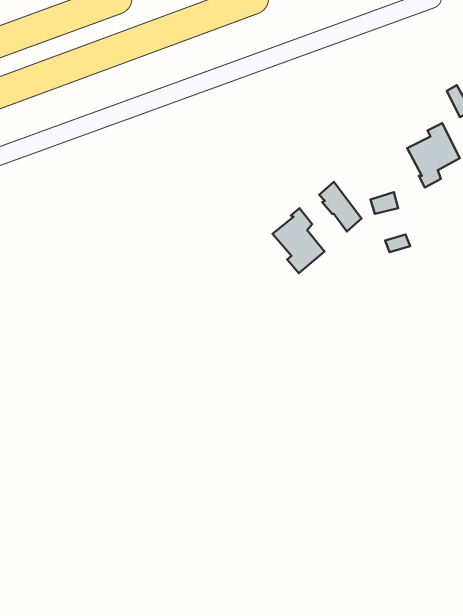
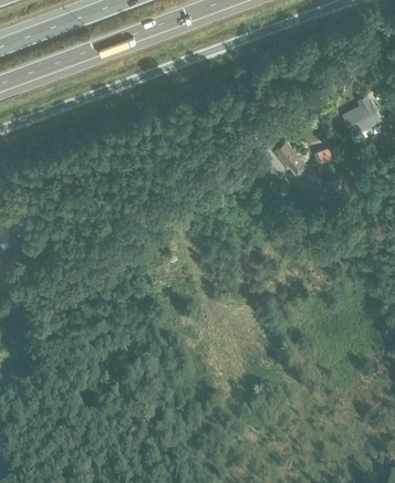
building: [273,208,325,273] -> none

